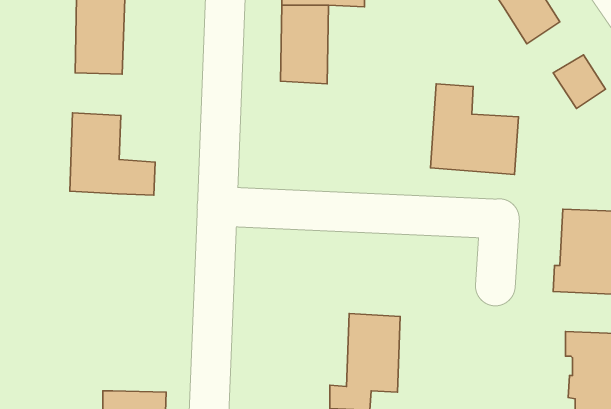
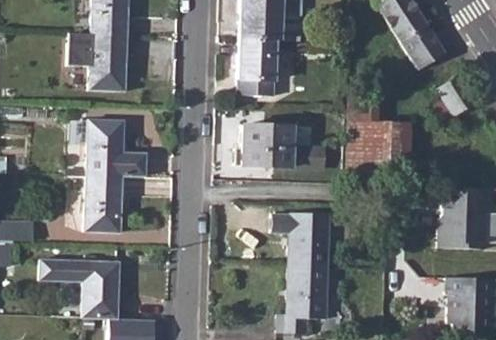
building: none -> [242,124,326,169]
building: none -> [85,175,121,232]
building: none -> [269,213,328,266]
building: none -> [41,259,118,320]

